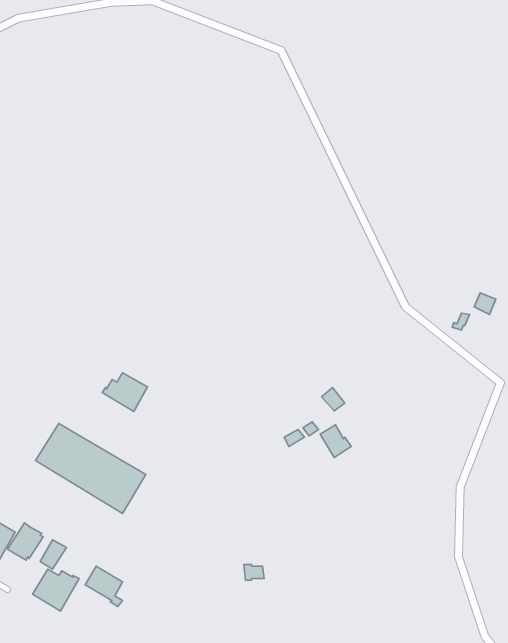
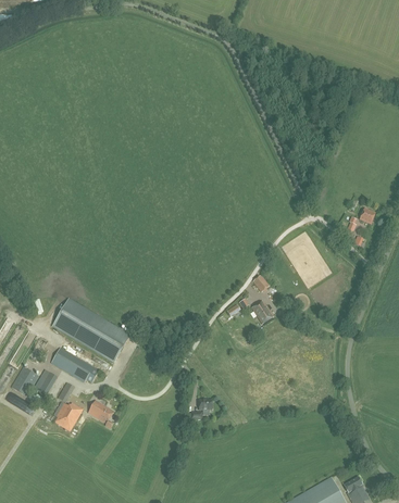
building: [102,373,148,412] -> none
building: none -> [51,347,98,381]

